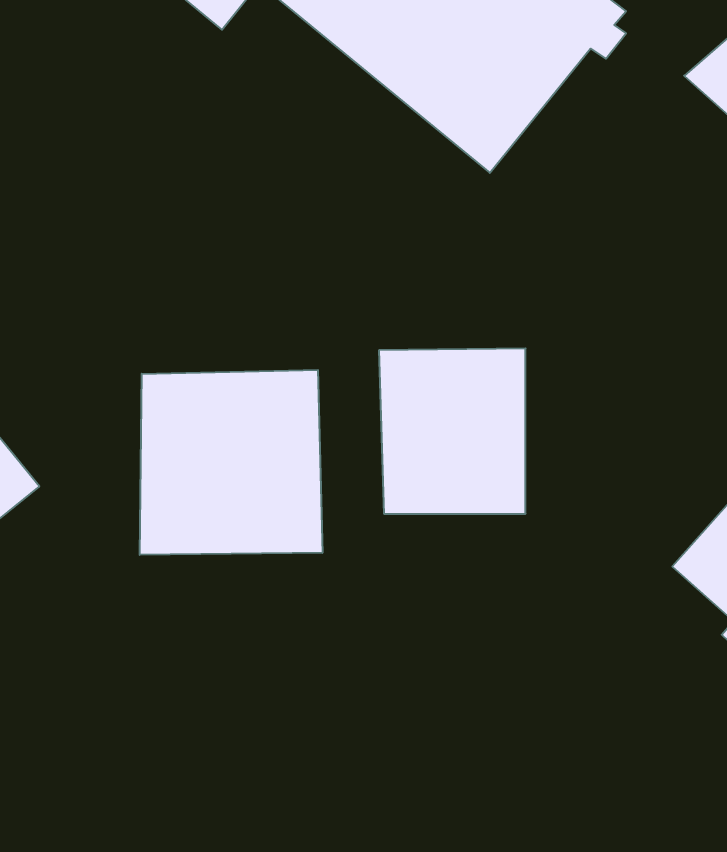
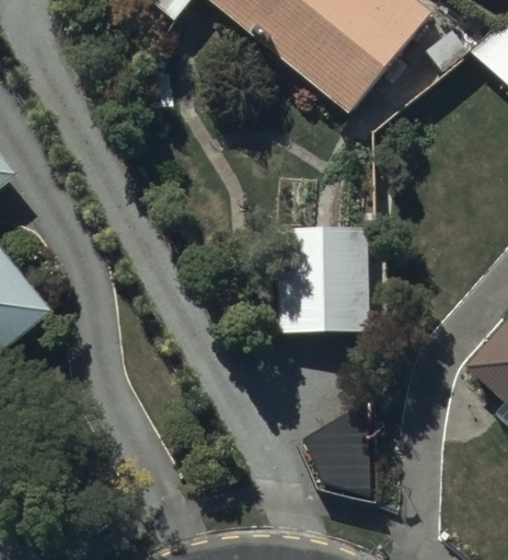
building: [140,370,322,555] -> none

